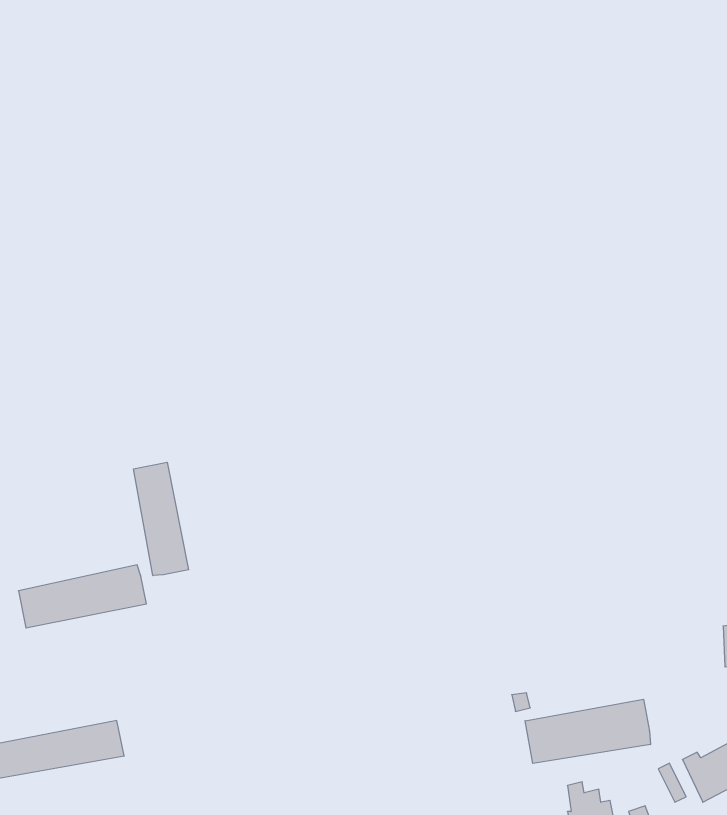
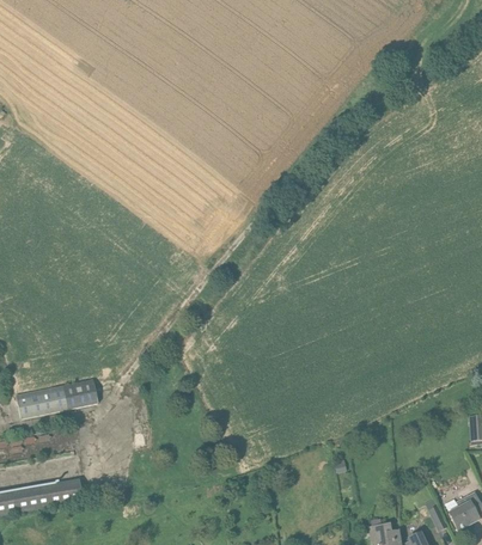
building: [134,462,189,576] -> none
building: [525,699,650,763] -> none

